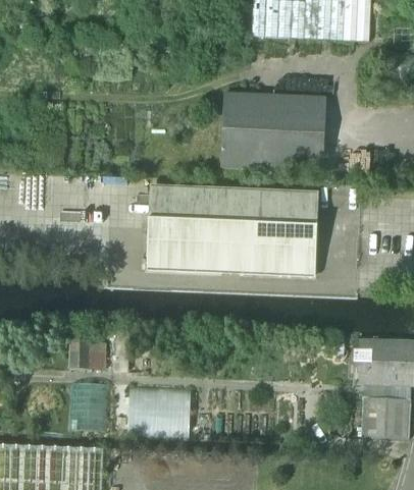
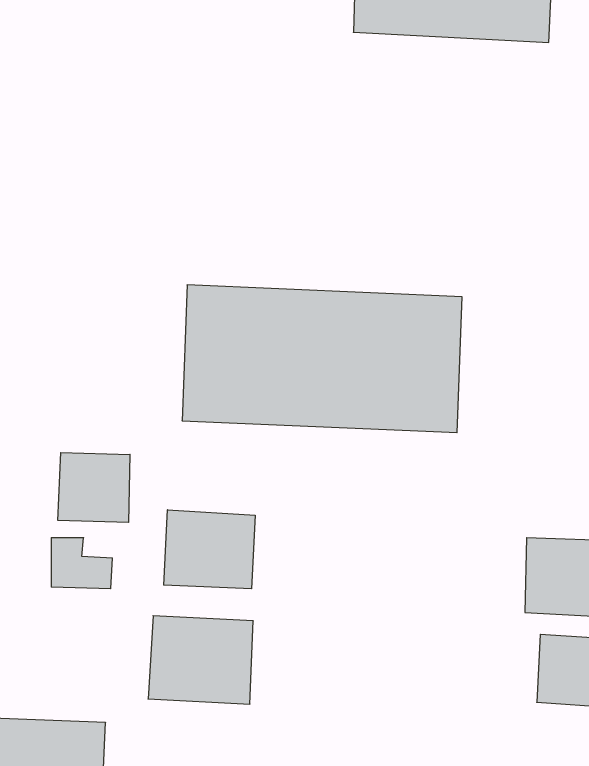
building: [219,91,325,169] -> none
building: none -> [58,453,130,522]
building: none -> [164,510,255,589]

